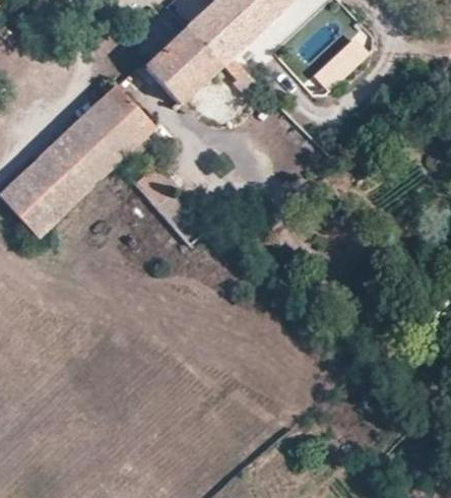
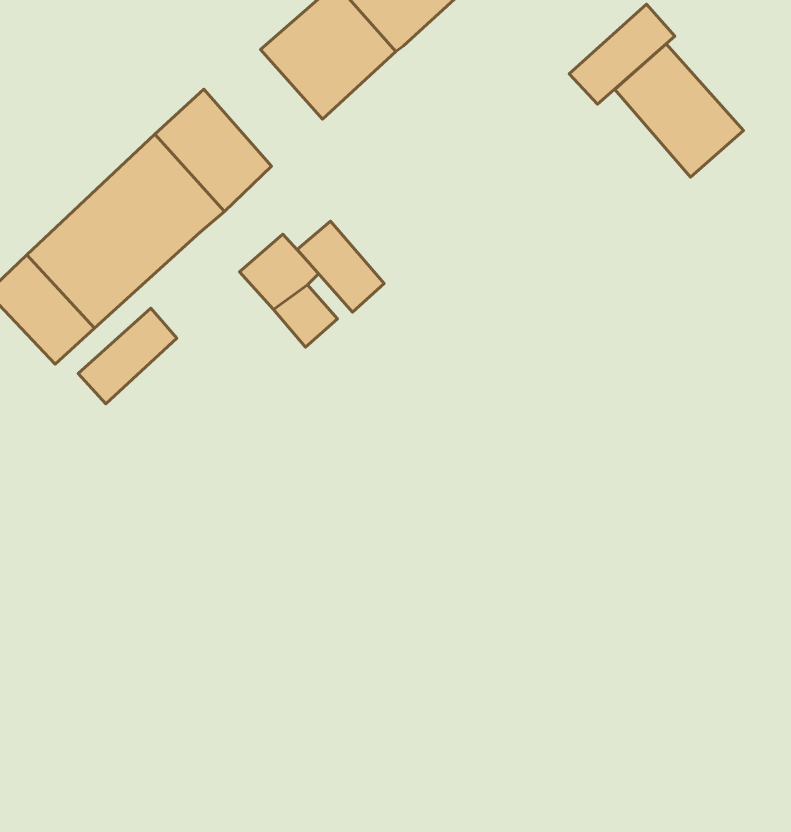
building: none -> [615,44,743,177]
building: none -> [297,221,384,312]
building: none -> [78,308,177,404]

